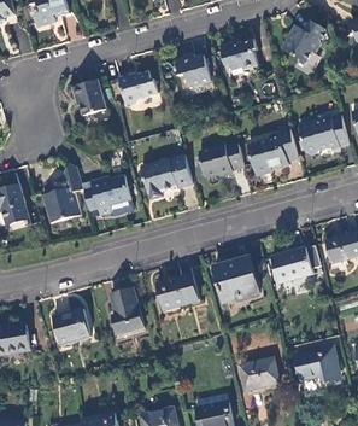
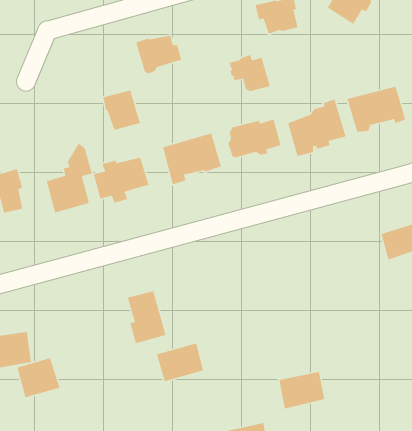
building: [174,53,210,86] -> [228,54,271,92]
building: [74,81,106,116] -> [103,90,141,131]
building: [274,249,313,282] -> none
building: [216,257,260,302] -> none
building: [158,275,199,309] -> [156,342,204,382]
building: [54,309,92,344] -> [16,357,60,398]
building: [295,345,340,383] -> none

